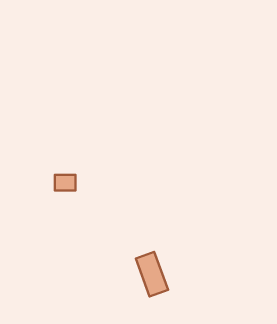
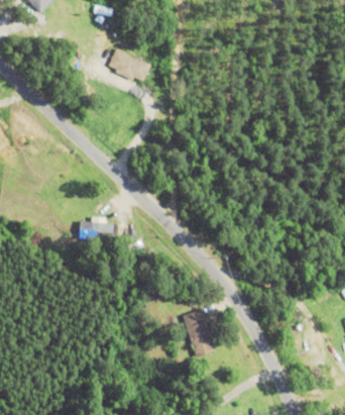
building: none -> [108,47,151,83]

